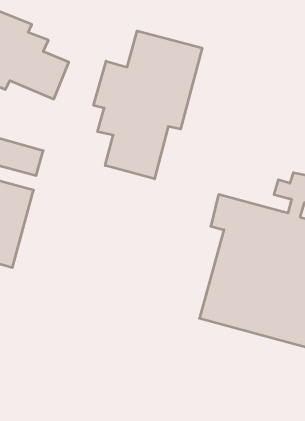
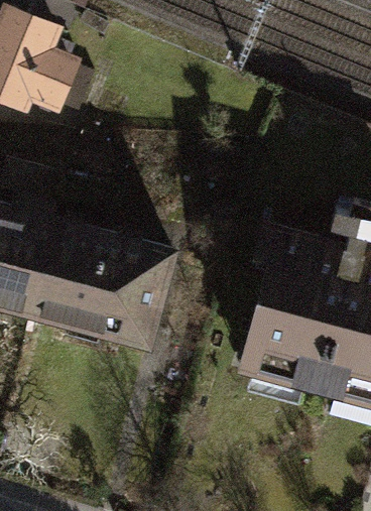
building: [94,31,202,179] -> none
building: none -> [28,226,169,346]

